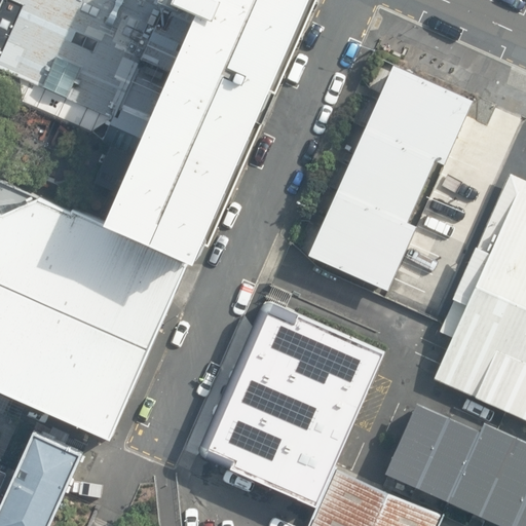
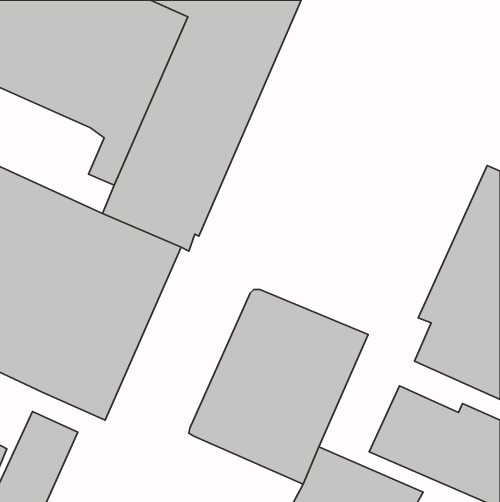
building: [307,66,472,290] -> none

